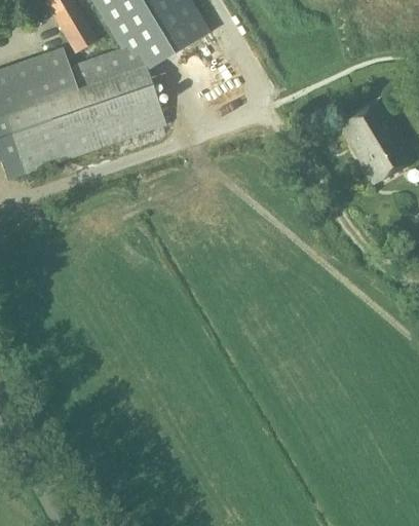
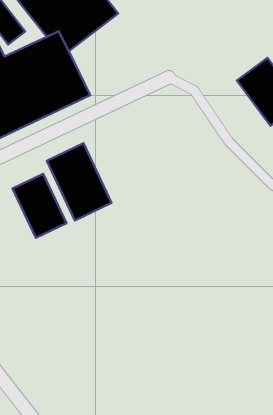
building: none -> [47,143,112,221]
building: none -> [13,174,66,238]

